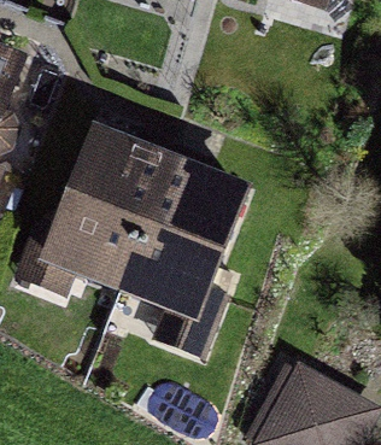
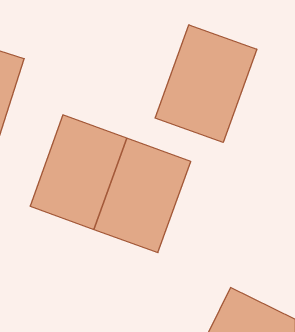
building: none -> [155,25,257,142]

